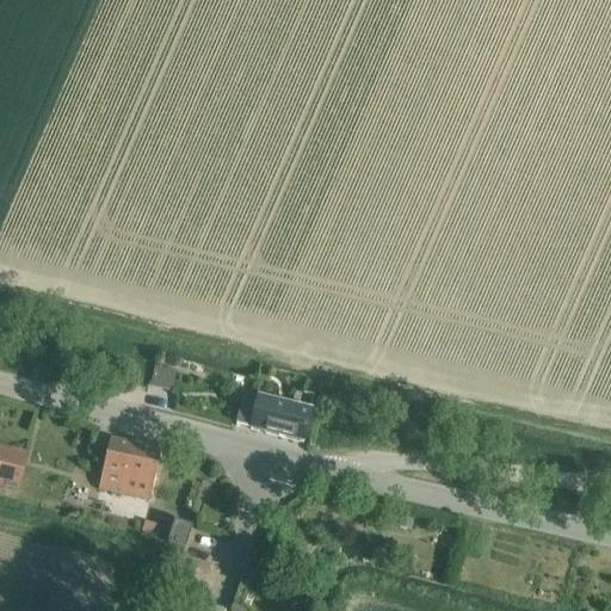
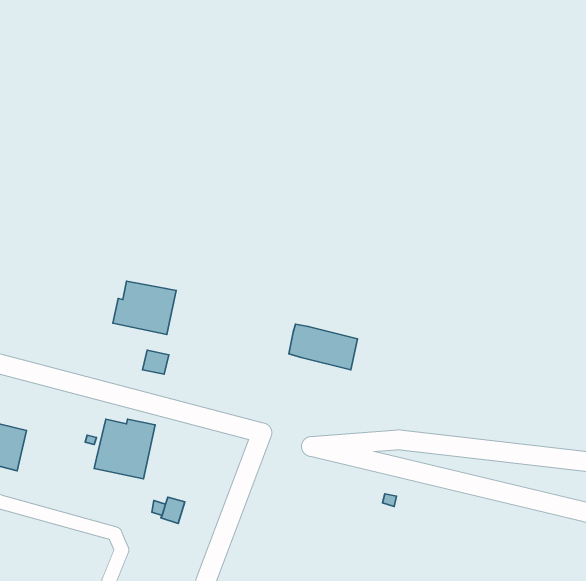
building: none -> [113,281,176,334]
building: [237,390,309,438] -> [289,324,358,370]

